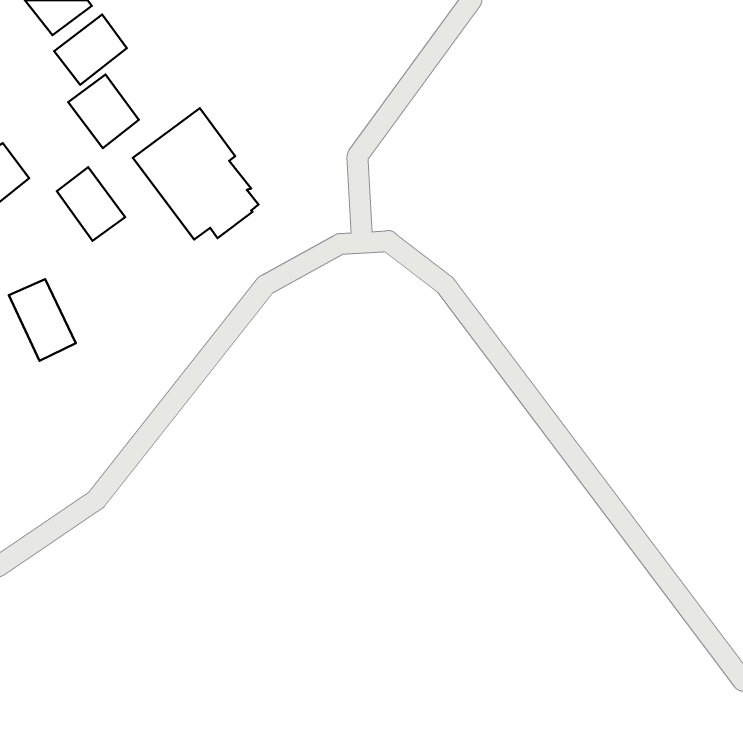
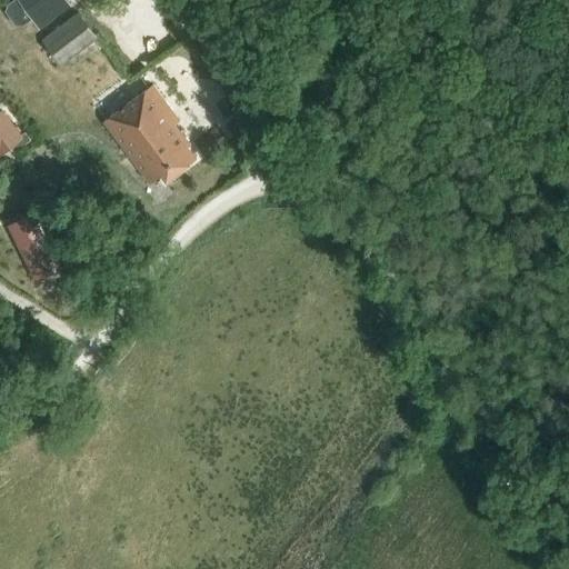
building: [68,74,139,148] -> none
building: [57,167,125,241] -> none

